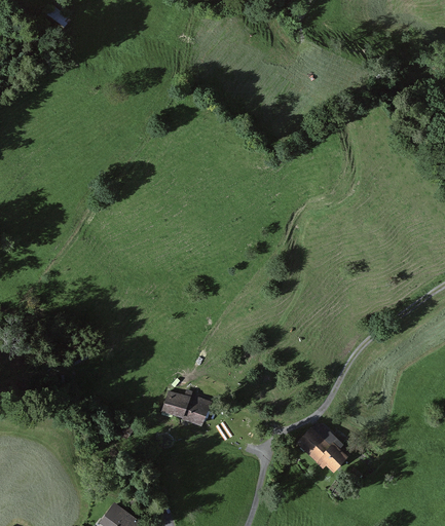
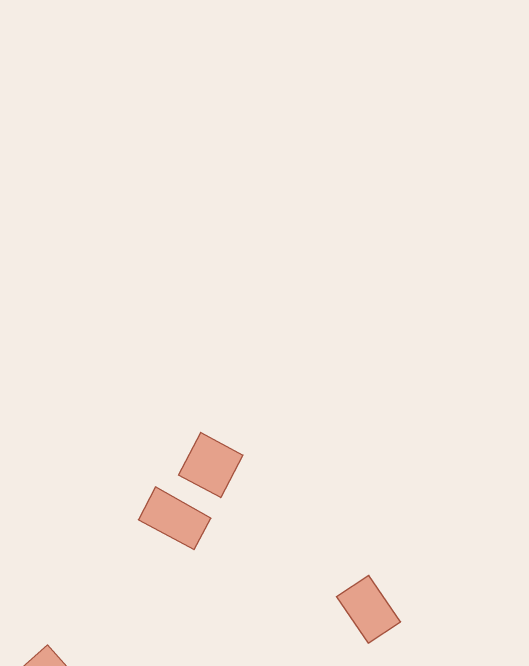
building: none -> [179,432,243,498]

